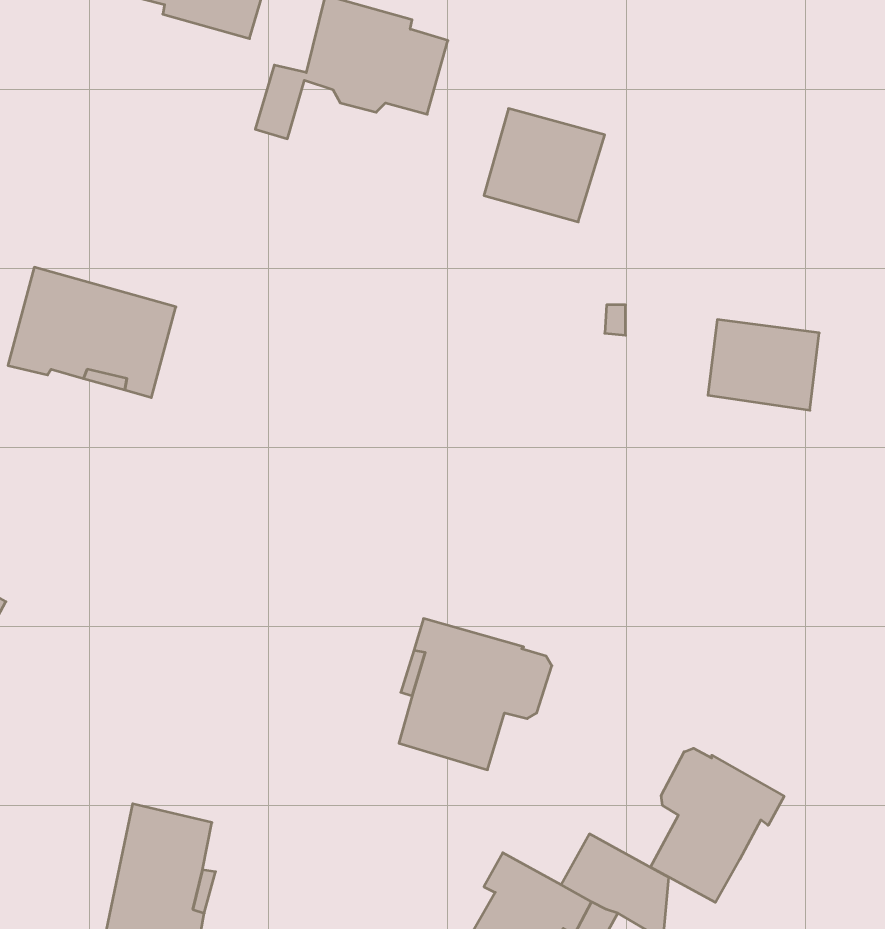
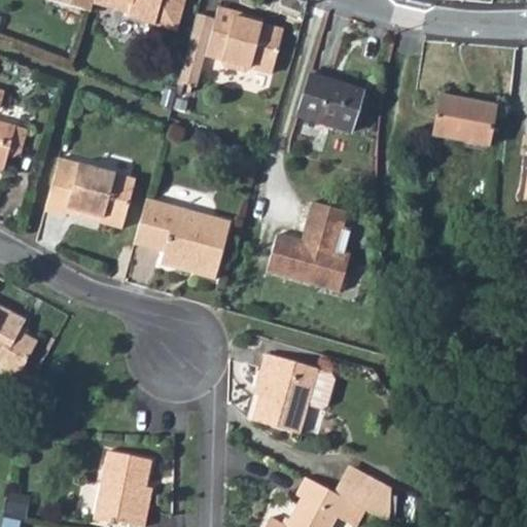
building: [708,320,819,410] -> [437,106,498,155]
building: none -> [130,197,225,277]
building: none -> [260,199,345,289]
building: [650,748,784,902] -> none

